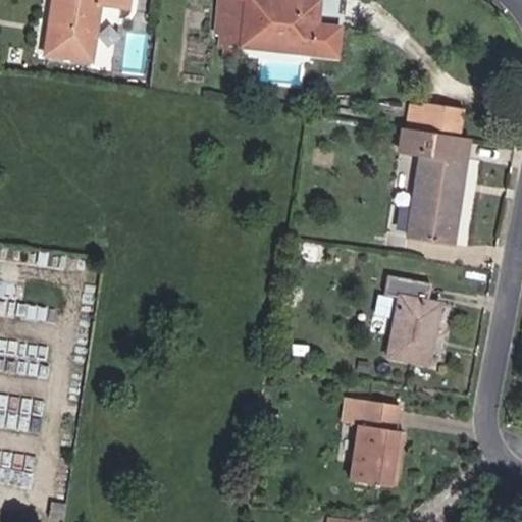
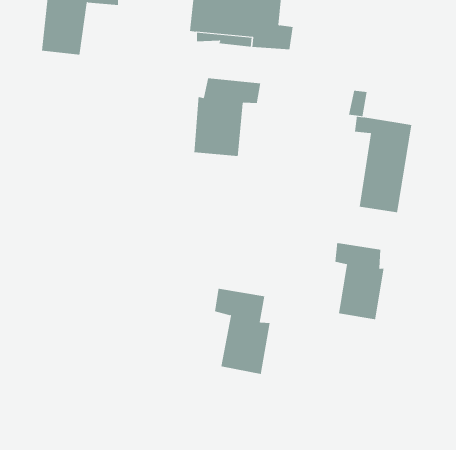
building: none -> [194,78,261,157]
building: [415,103,458,140] -> none
building: [342,394,406,492] -> [214,288,270,375]

